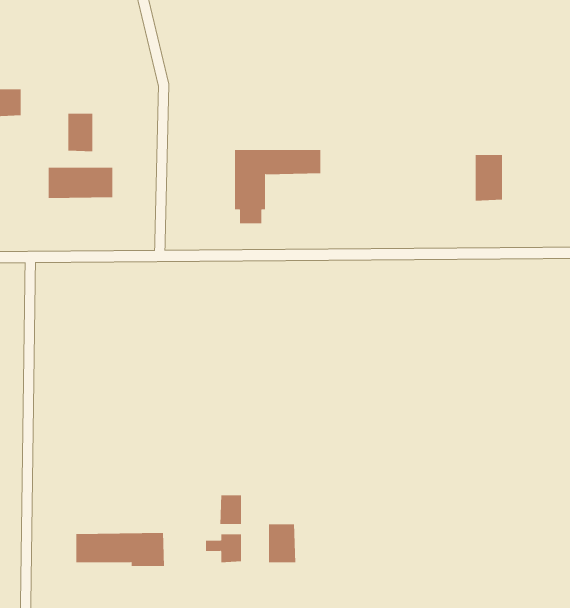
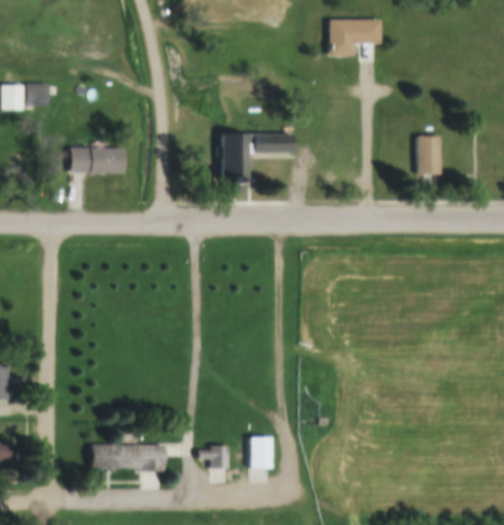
building: none -> [330,18,382,54]
building: [68,113,93,152] -> none
building: [220,495,241,525] -> none

